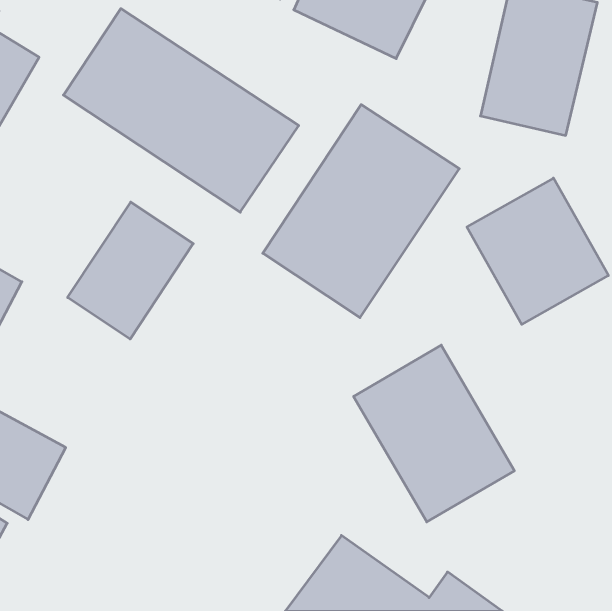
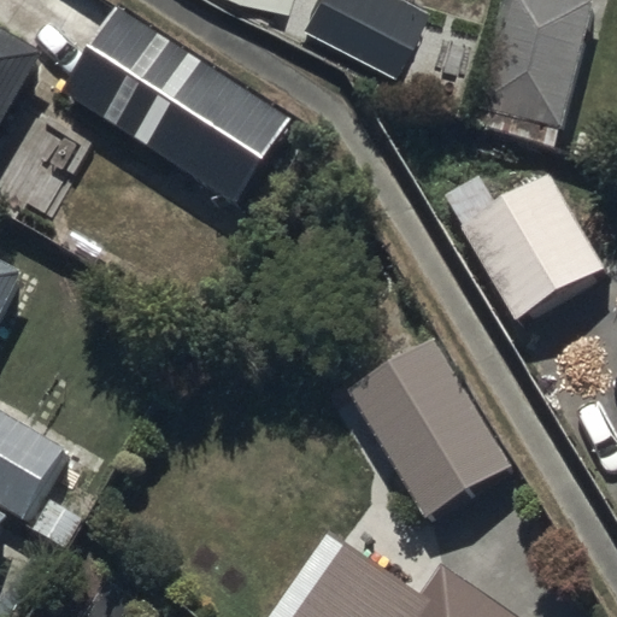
building: [263,105,459,318] -> none
building: [68,202,193,339] -> none

